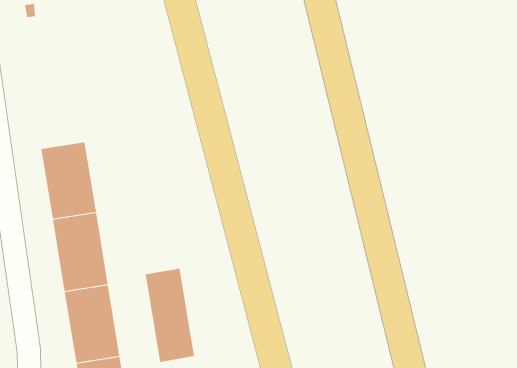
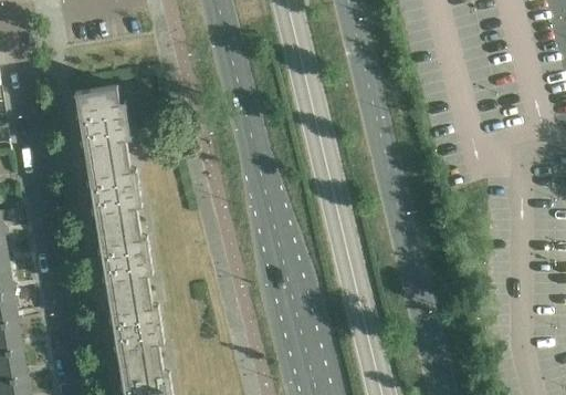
building: none -> [75,87,128,164]
building: [145,268,195,363] -> none

